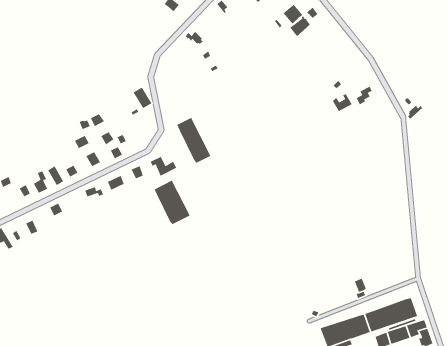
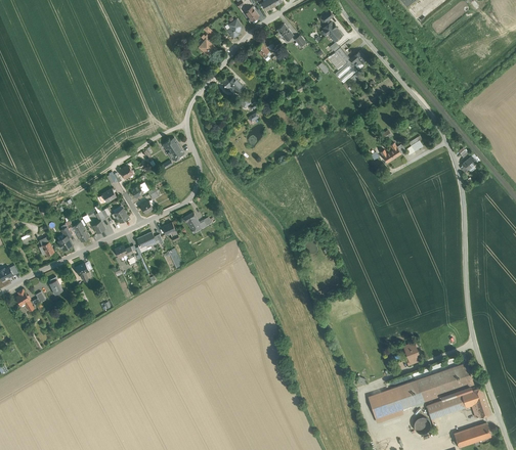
building: [176,117,212,164] -> none
building: [153,180,191,225] -> none

